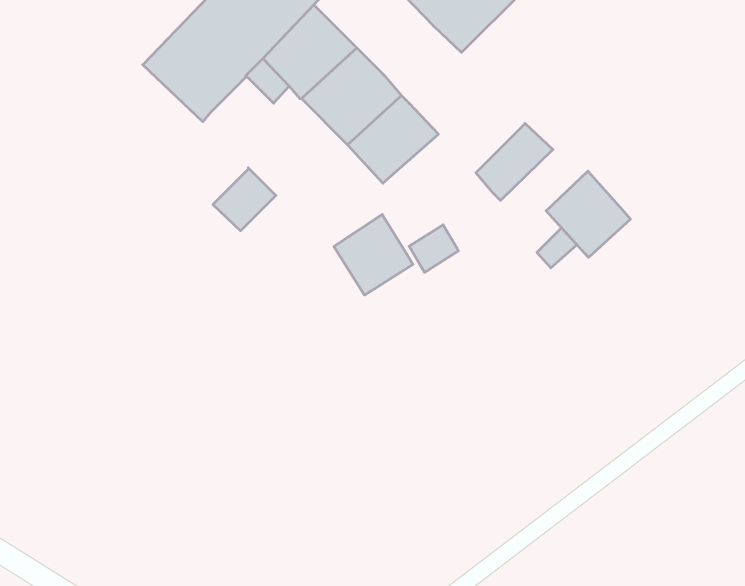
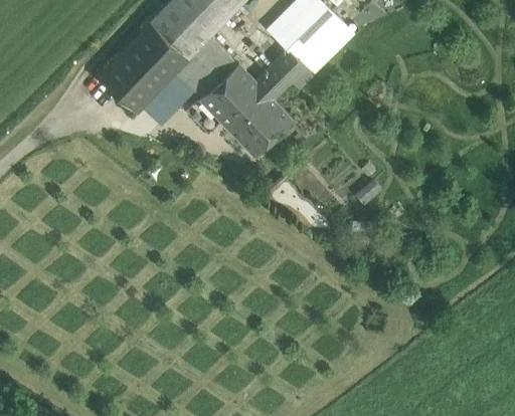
building: [476,123,553,200] -> [256,50,307,100]
building: [213,168,276,231] -> [143,82,184,124]
building: [546,171,630,257] -> none
building: [334,214,413,295] -> none

